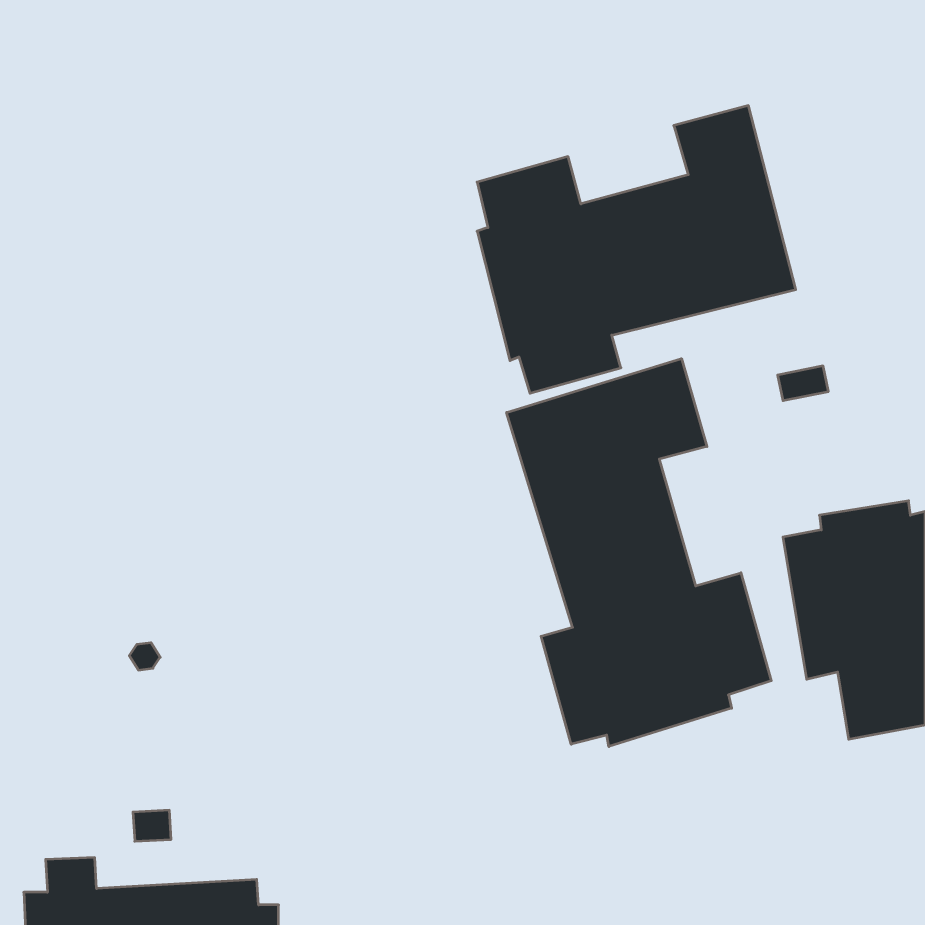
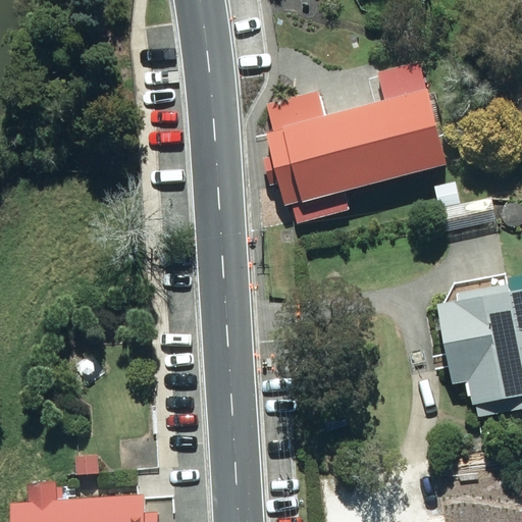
building: [507,359,771,747] -> none

